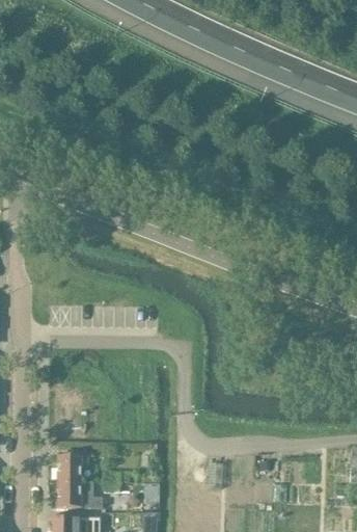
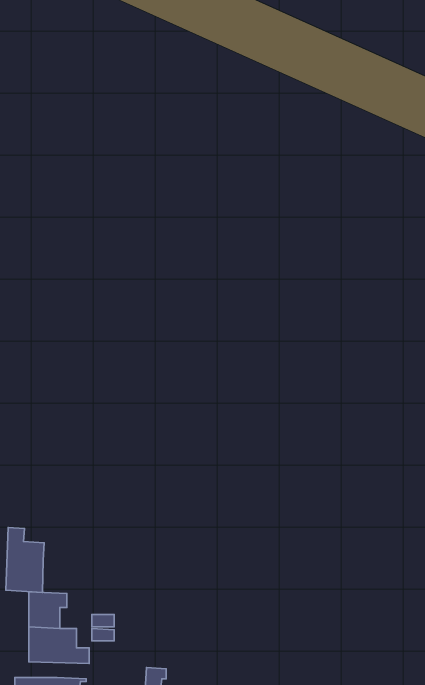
building: none -> [6,527,44,592]

